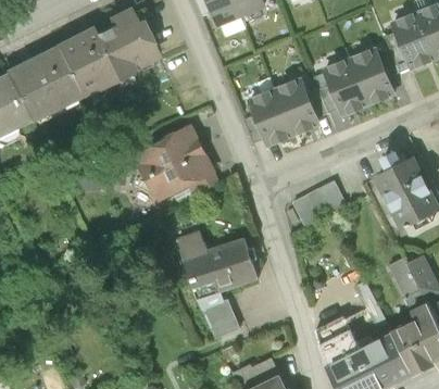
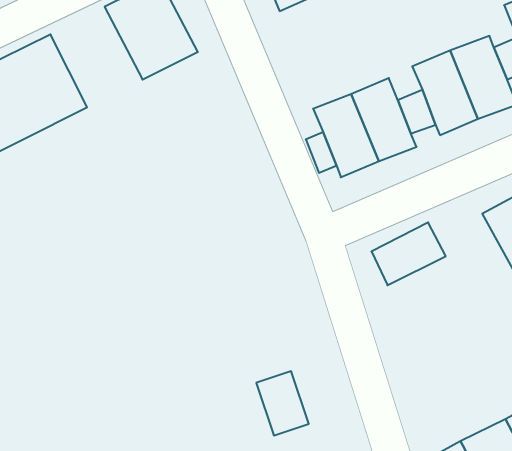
building: [51,23,120,98] -> none
building: [128,125,221,209] -> none
building: [175,230,256,302] -> none

